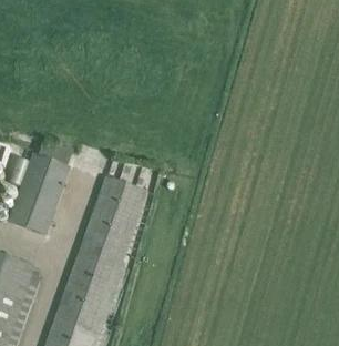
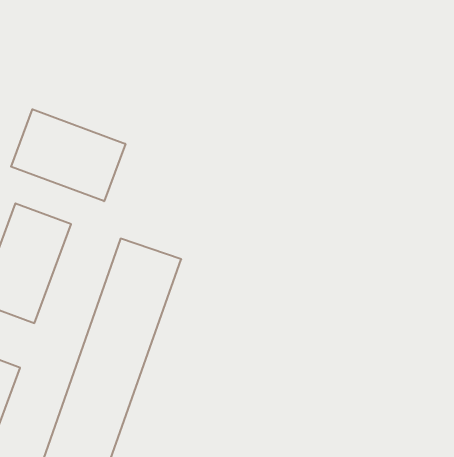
building: none -> [11,109,125,201]

